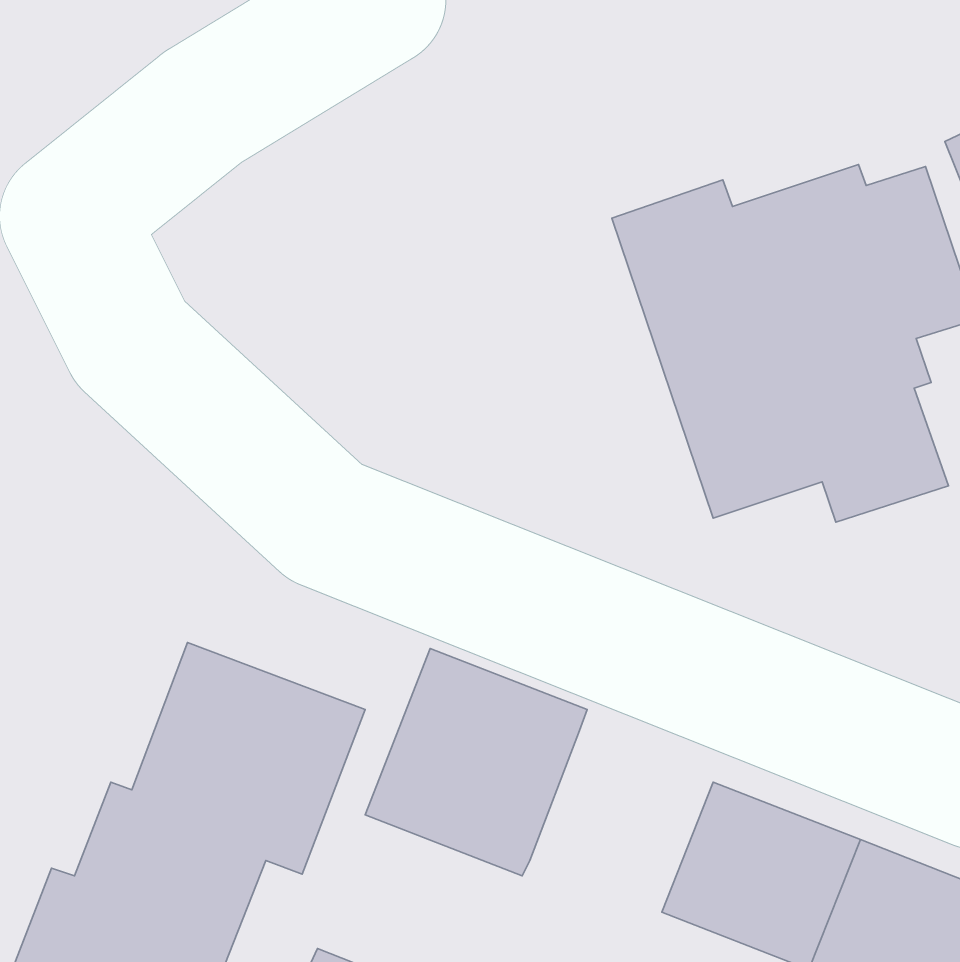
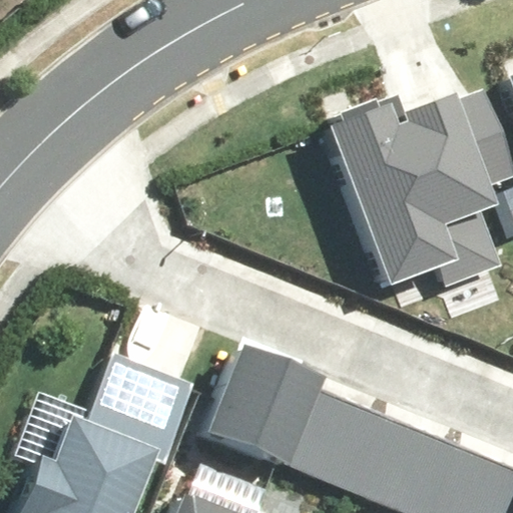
building: none -> [287,391,383,486]

